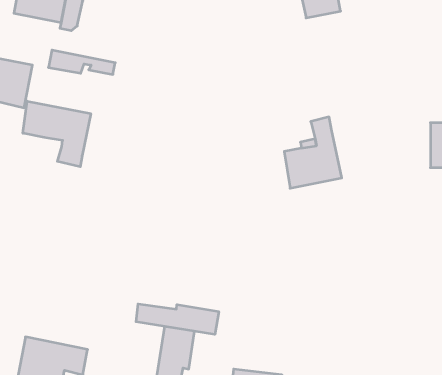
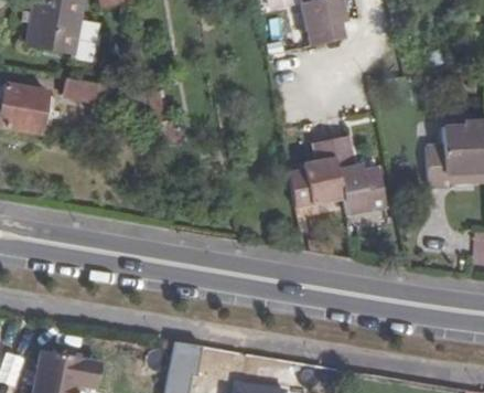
building: [23,101,91,167] -> none
building: none -> [334,148,386,215]
building: [136,304,219,334] -> none

